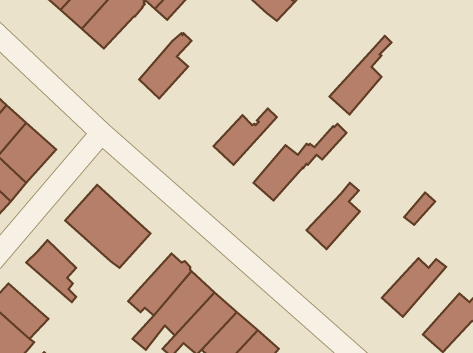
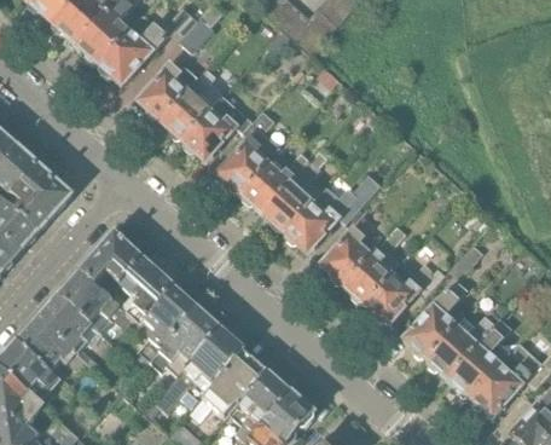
building: none -> [138,53,196,119]
building: [330,36,392,114] -> [262,145,330,231]
building: none -> [181,97,251,158]
building: none -> [218,121,277,191]
building: none -> [320,218,379,283]
building: none -> [364,261,439,323]
building: none -> [59,272,128,333]
building: none -> [402,277,466,357]
building: none -> [128,287,195,369]
building: none -> [17,318,83,370]
building: none -> [447,318,510,397]

